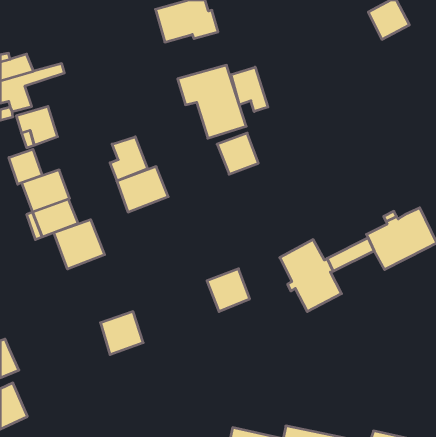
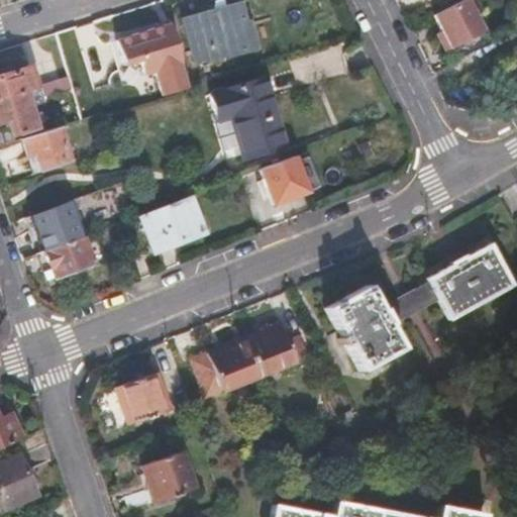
building: none -> [120,23,192,96]
building: [231,67,268,112] -> none
building: [110,137,148,181] -> none
building: [9,149,42,184] -> none
building: [54,220,105,269] -> none
building: none -> [191,332,261,384]
building: none -> [128,449,198,507]

